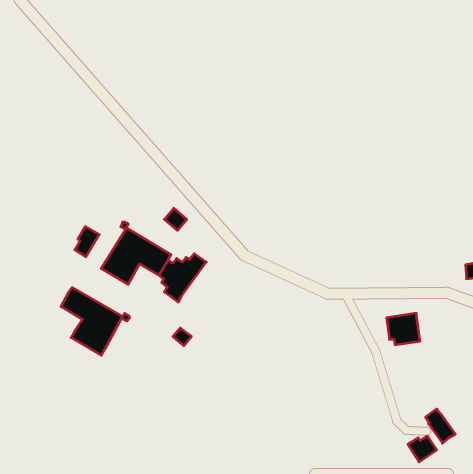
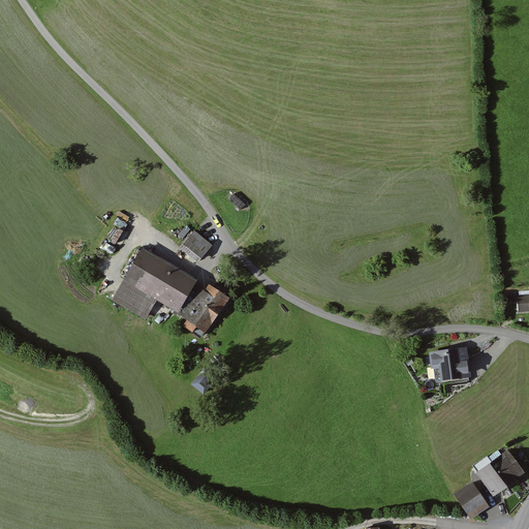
building: [75,227,99,257] -> none
building: [61,288,130,355] -> none
building: none -> [493,449,524,483]

